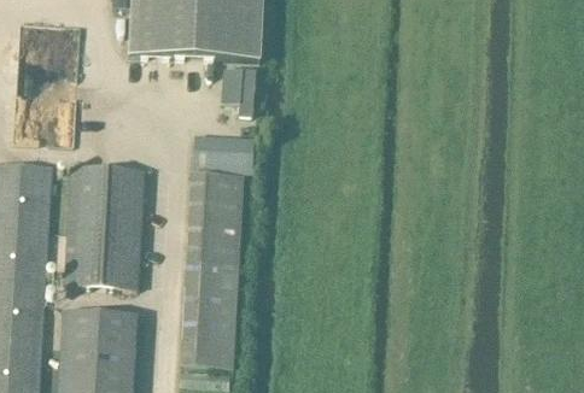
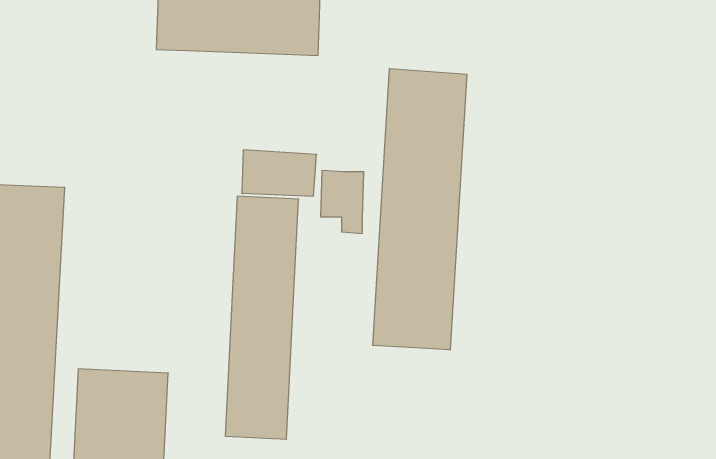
building: [223,64,258,115] -> [320,170,364,233]
building: none -> [373,68,467,350]
building: [66,164,145,287] -> none

